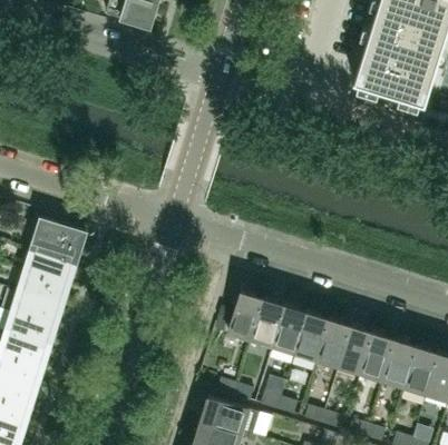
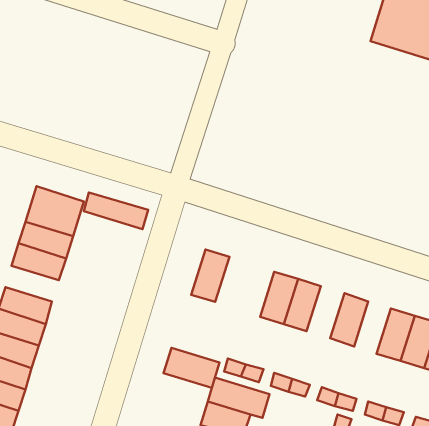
building: none -> [84,192,148,229]
building: [228,293,264,342] -> [191,250,229,302]
building: [12,294,62,327] -> none
building: [294,313,330,362] -> none
building: [339,327,373,376] -> none
building: none -> [164,348,219,388]

